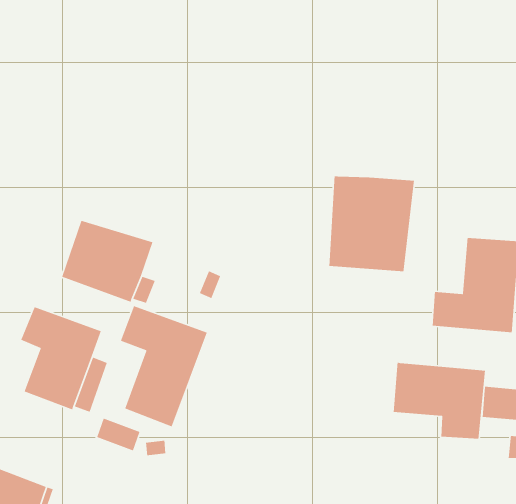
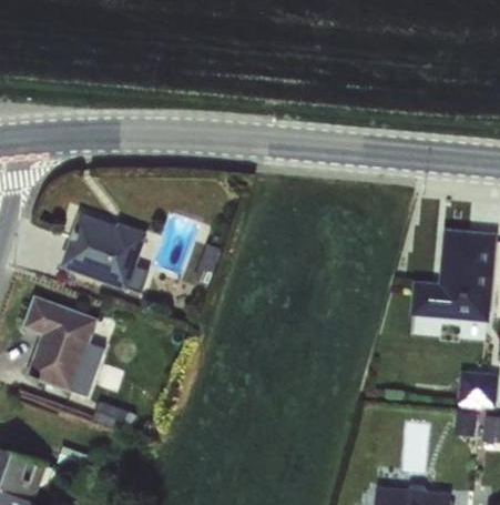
building: [328,175,415,272] -> none
building: [120,305,208,427] -> none
building: [393,362,486,439] -> none

